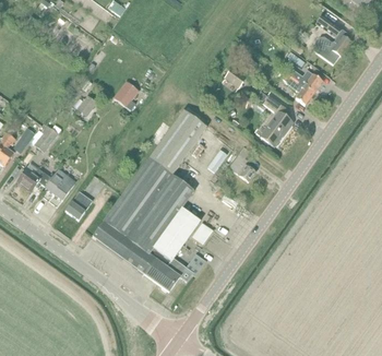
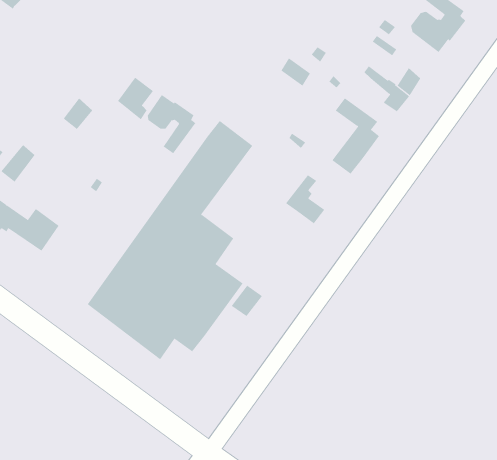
building: none -> [147,94,196,154]
building: [64,191,93,221] -> none
building: [143,258,186,292] -> none

